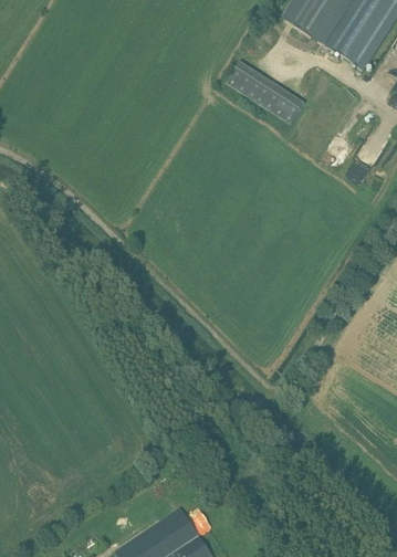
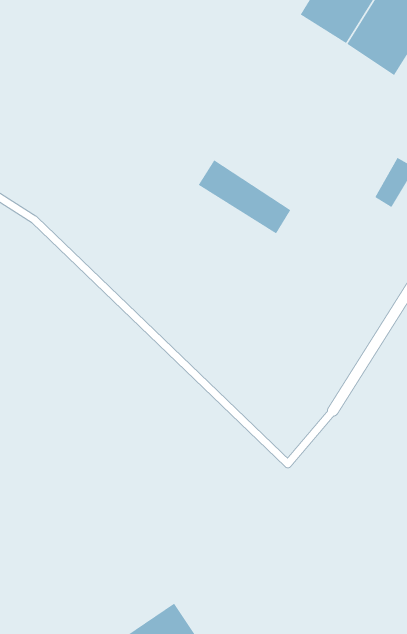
building: [227,61,304,123] -> [198,159,291,234]

